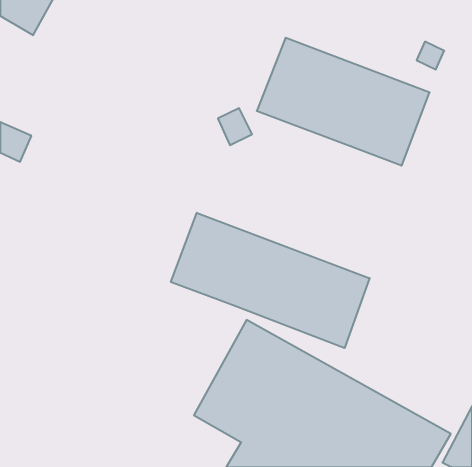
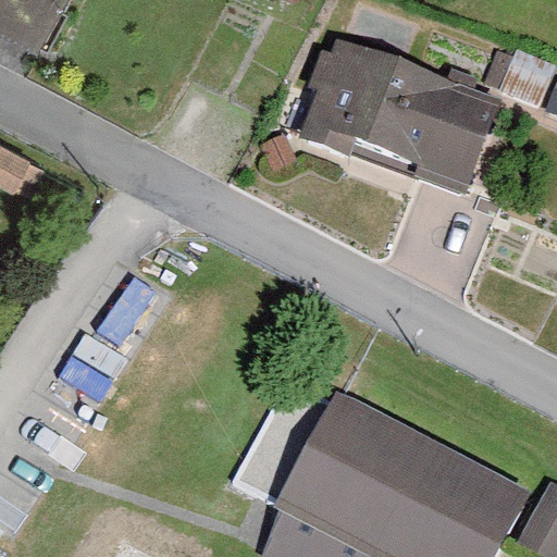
building: [171,213,370,348] -> none

